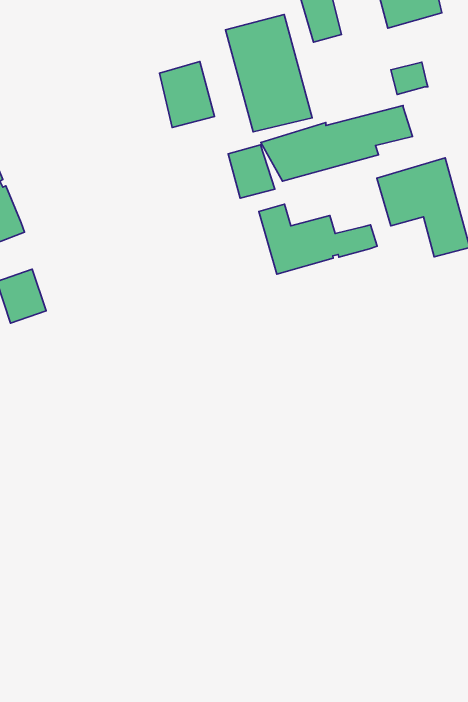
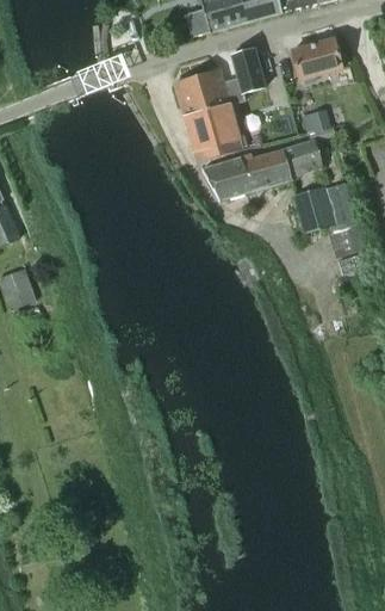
building: [159,62,215,128] -> none
building: [228,145,275,198] -> none
building: [259,204,377,274] -> none

